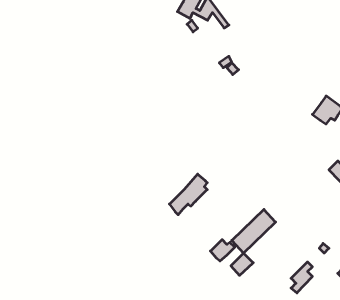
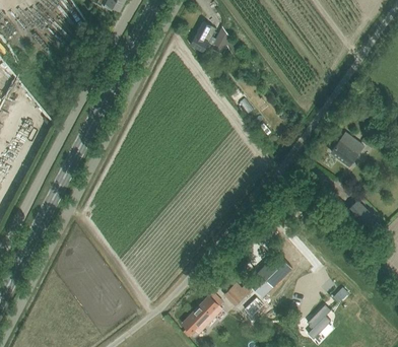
building: [169,174,207,215] -> [183,292,222,335]

